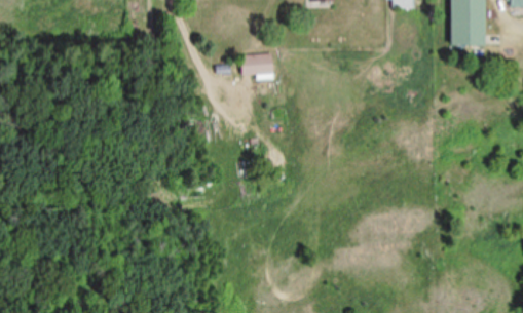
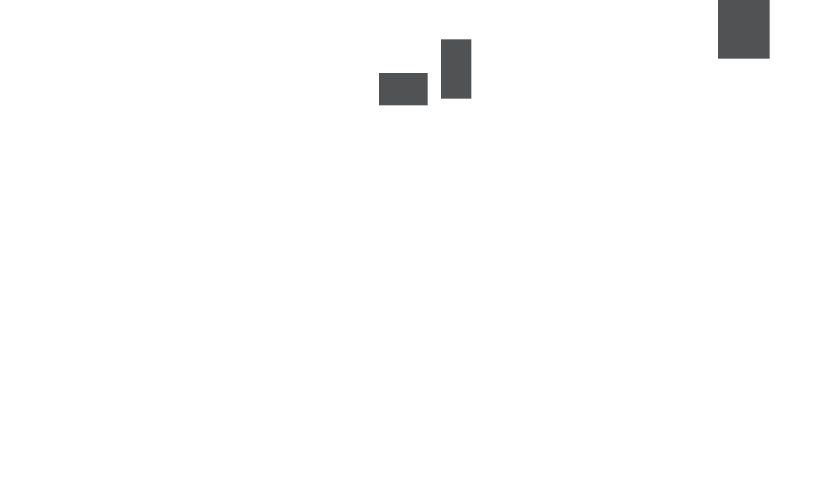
building: none -> [441,38,472,99]

